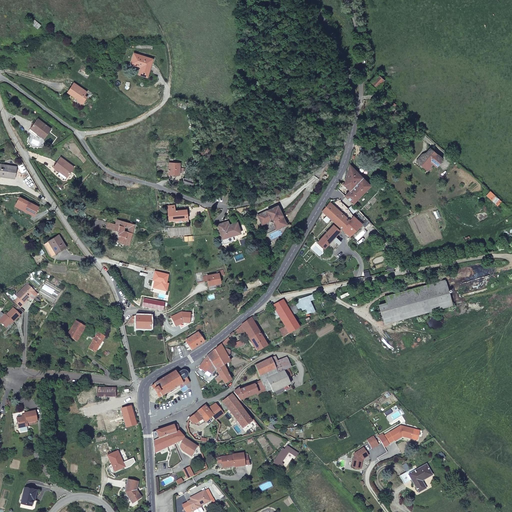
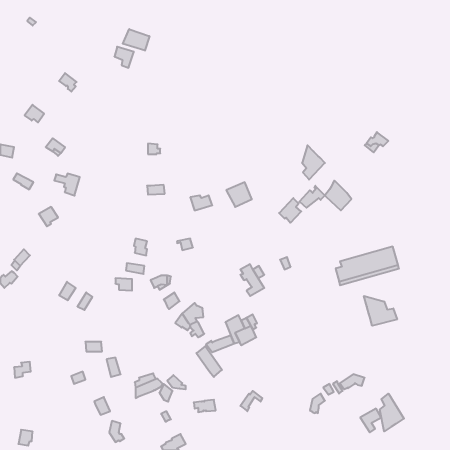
building: none -> [123,29,149,51]
building: [322,195,352,229] -> [325,181,351,210]
building: [105,220,134,245] -> [54,174,80,196]
building: [234,317,268,351] -> none
building: none -> [364,296,397,326]
building: [152,369,189,396] -> none
building: [188,403,224,424] -> none
building: none -> [380,394,404,431]

